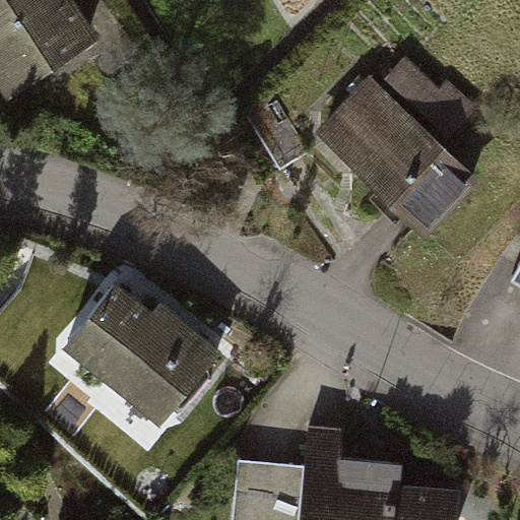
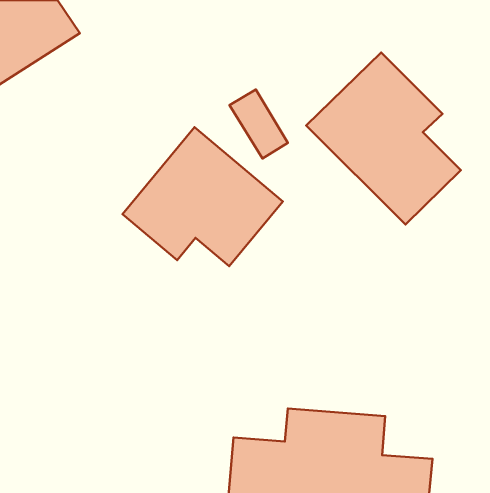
building: none -> [123,127,283,266]
building: [67,288,211,420] -> none

